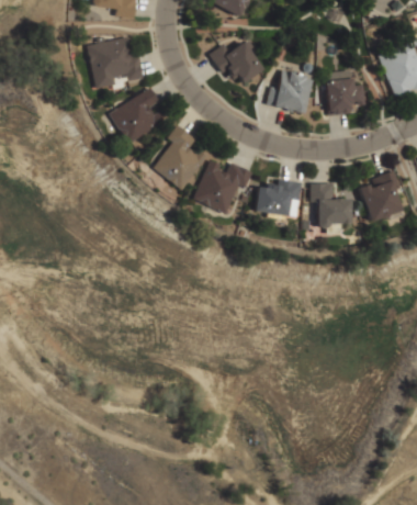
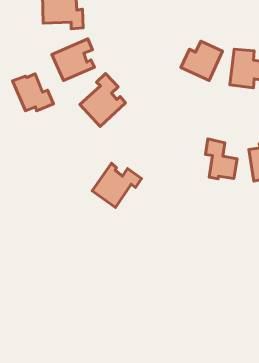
building: [208,42,263,83] -> none
building: none -> [12,74,54,111]
building: [195,161,251,213] -> [92,163,142,208]
building: [257,179,301,214] -> none

